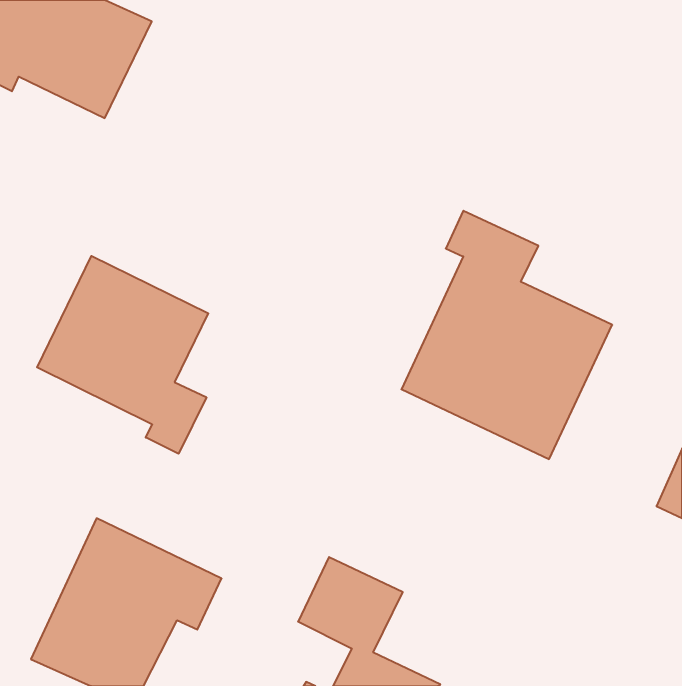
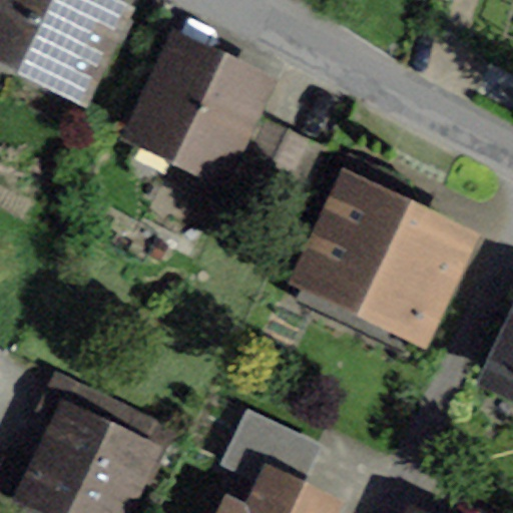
building: none -> [141,52,304,203]
building: [37,256,208,454] -> none

